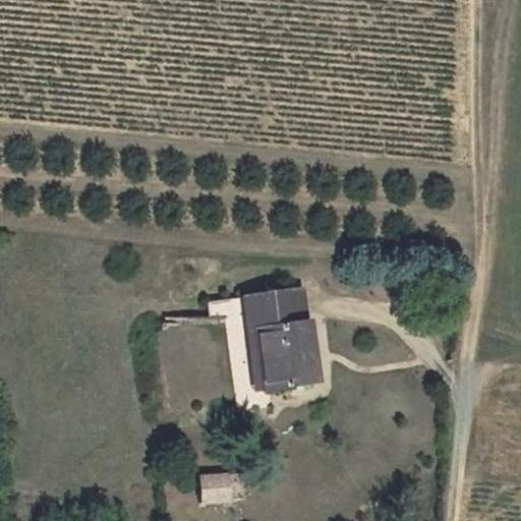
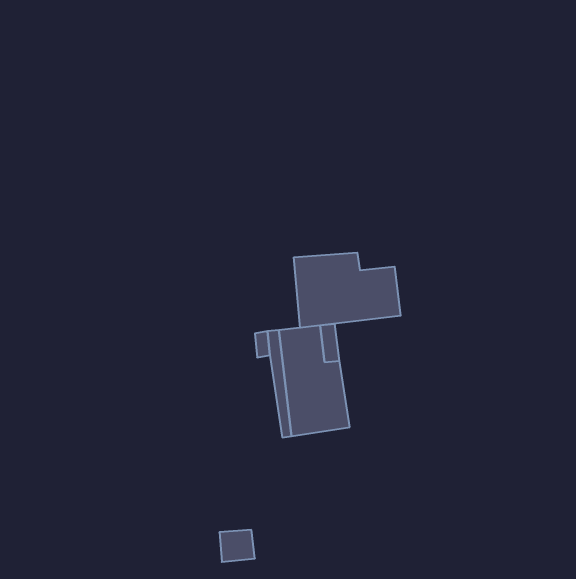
building: none -> [294,253,401,328]

